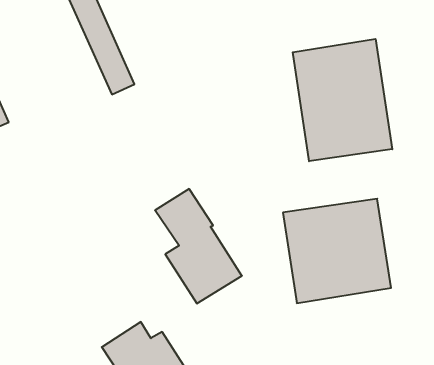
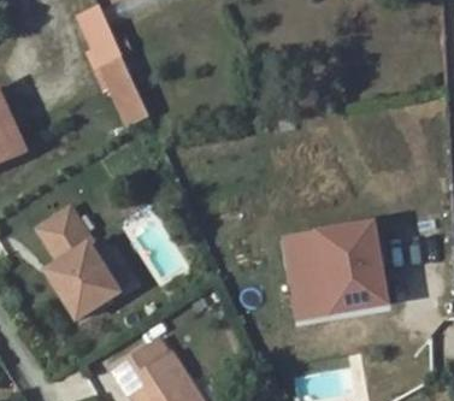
building: [293,39,392,161] -> none
building: [155,189,242,303] -> [35,205,118,314]

